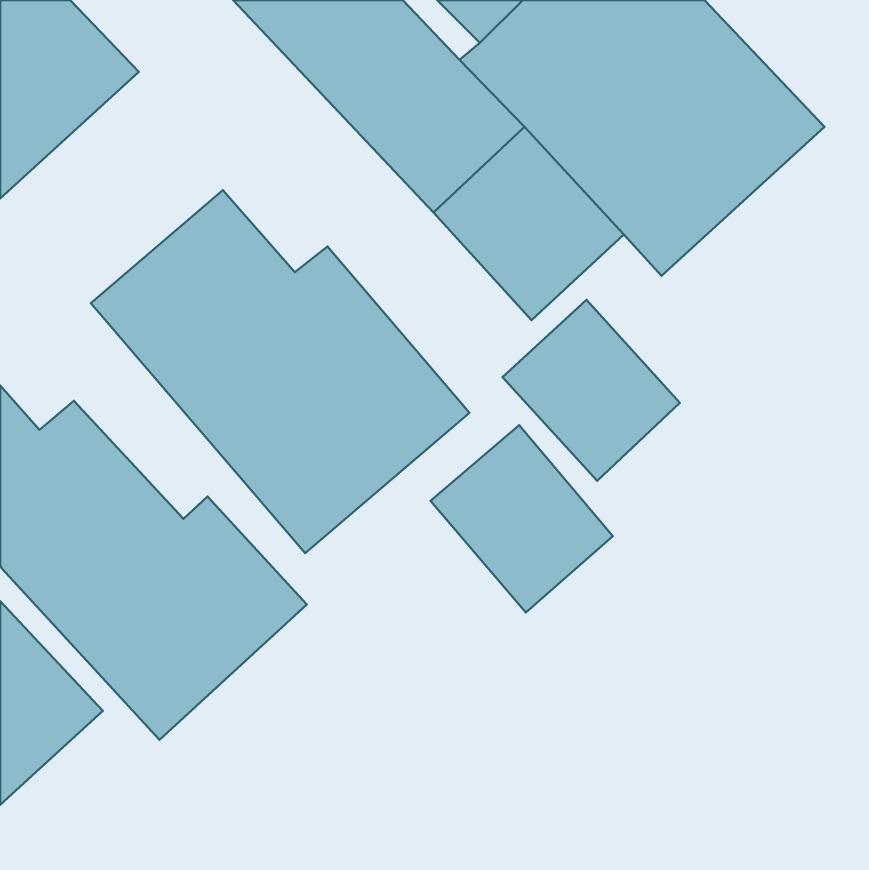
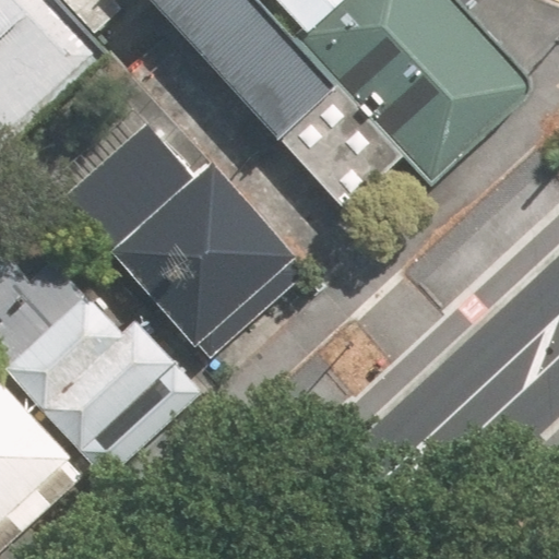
building: [502,300,680,481] -> none
building: [431,425,613,613] -> none

